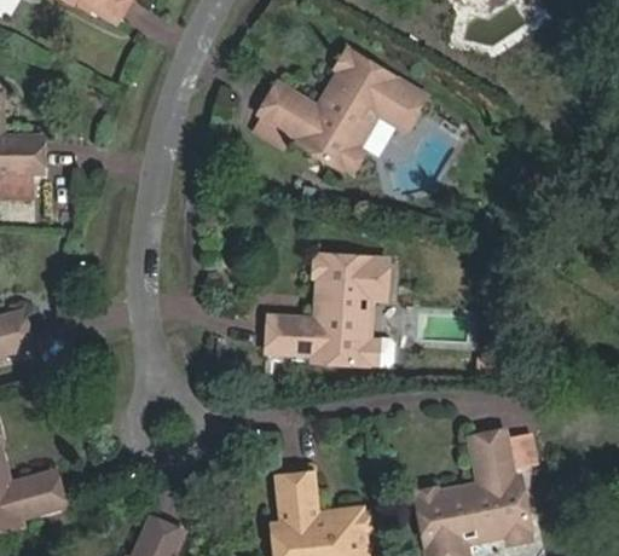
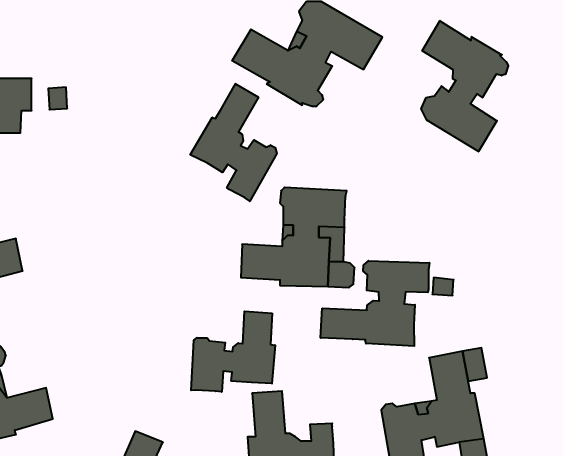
building: none -> [421,21,508,152]
building: none -> [190,84,277,201]
building: none -> [321,261,429,346]
building: none -> [191,311,275,392]

